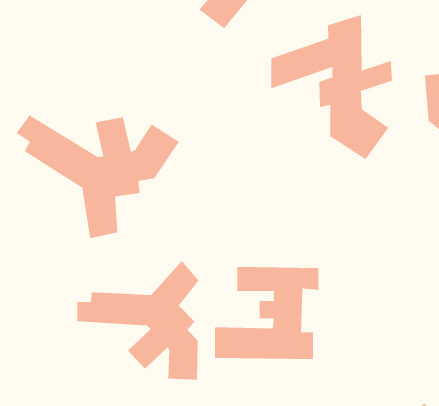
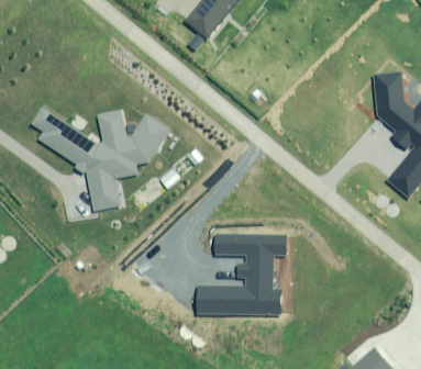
building: [271,14,393,160] -> none
building: [77,260,199,381] -> none

